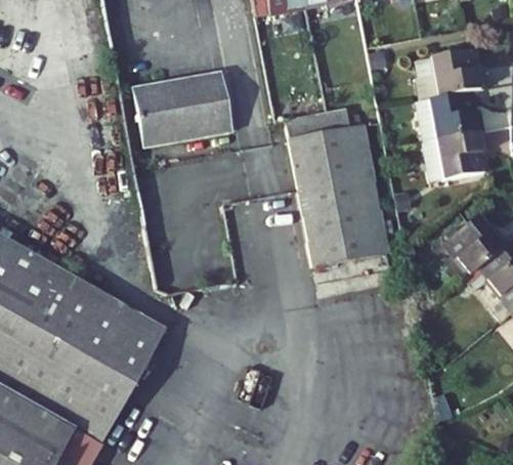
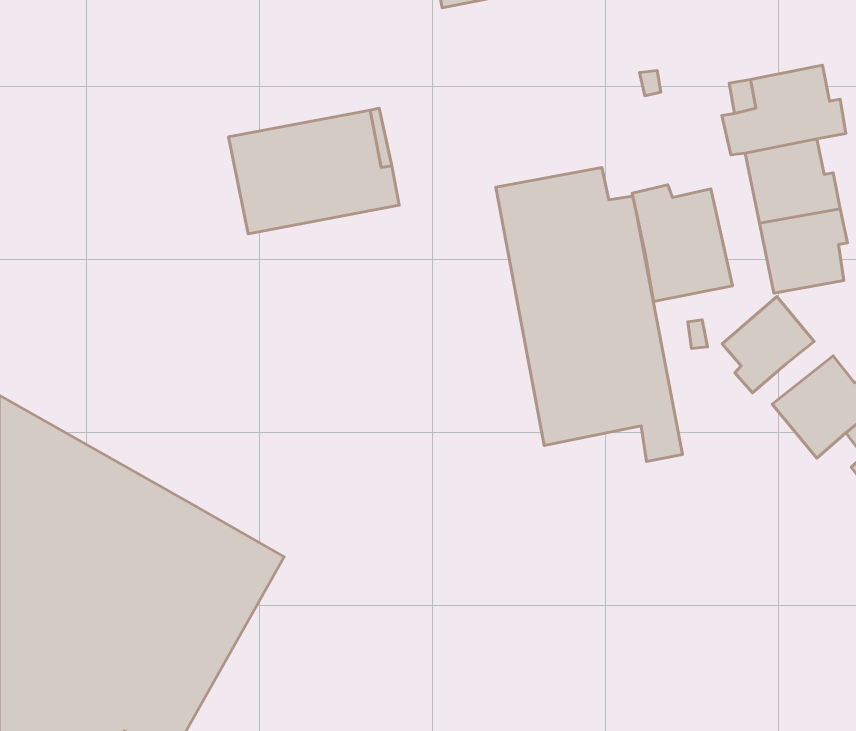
building: none -> [632,185,732,301]
building: none -> [722,296,814,393]

